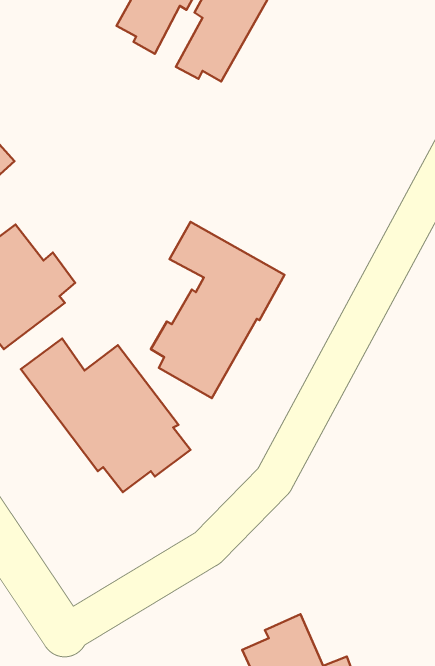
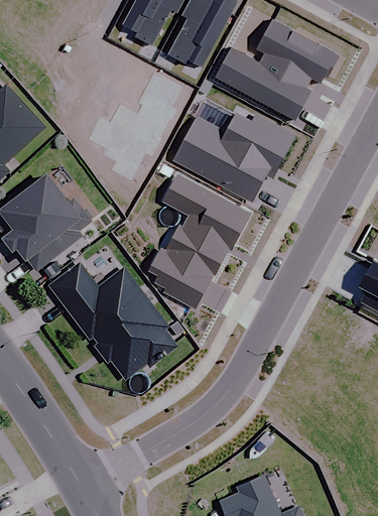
building: none -> [216,20,338,121]
building: none -> [174,113,295,203]

